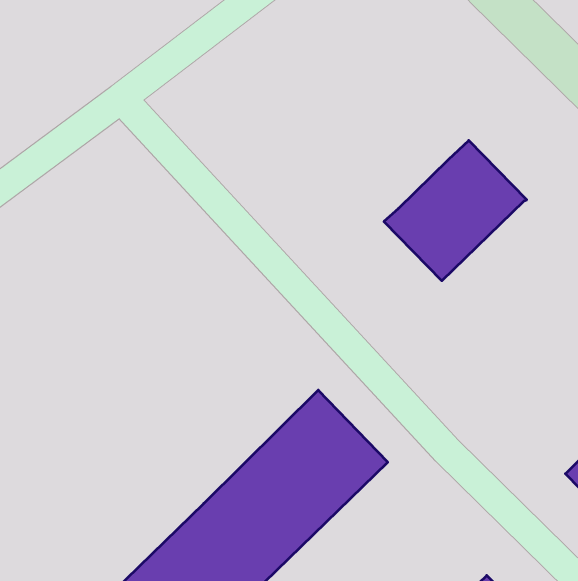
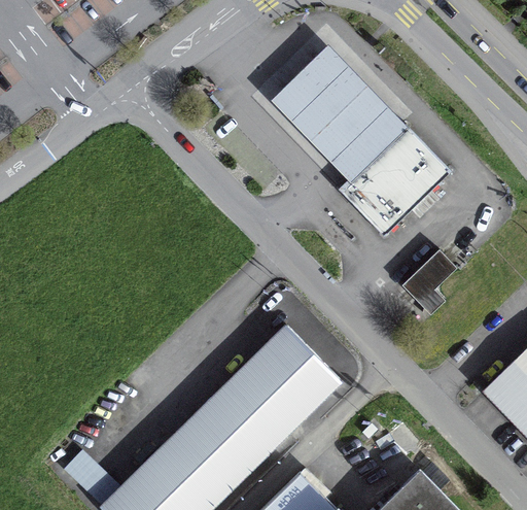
building: none -> [273,46,406,179]
building: none -> [402,250,457,315]

